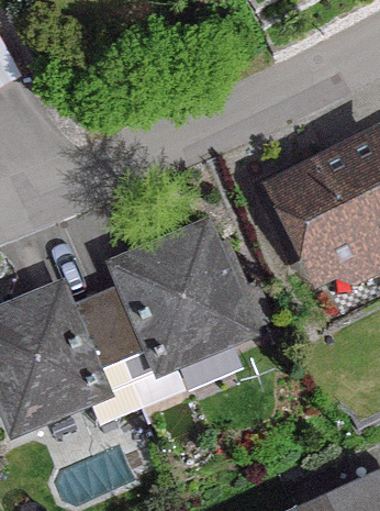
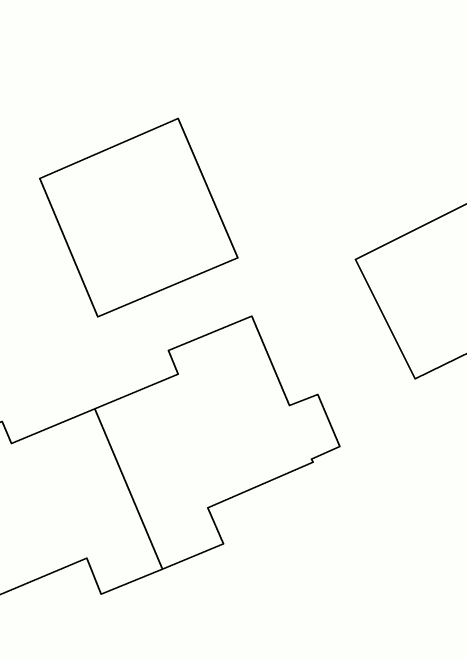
building: none -> [40,118,238,317]

